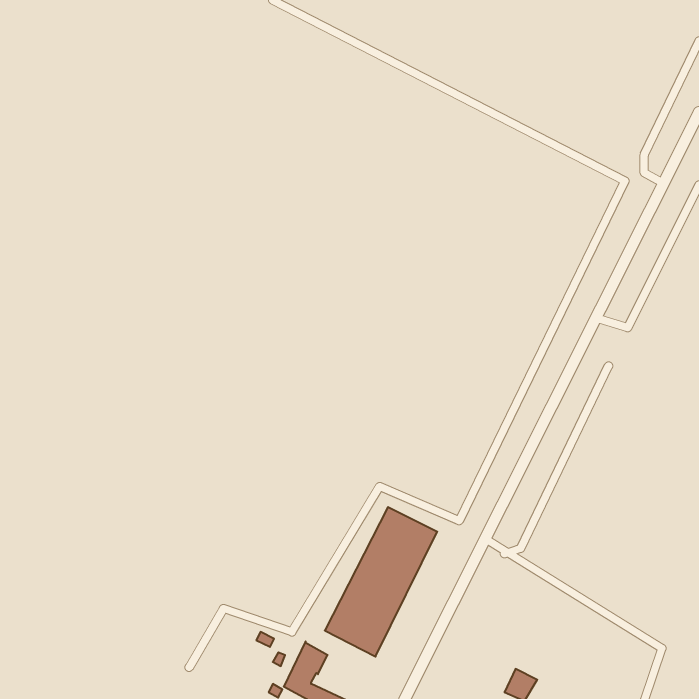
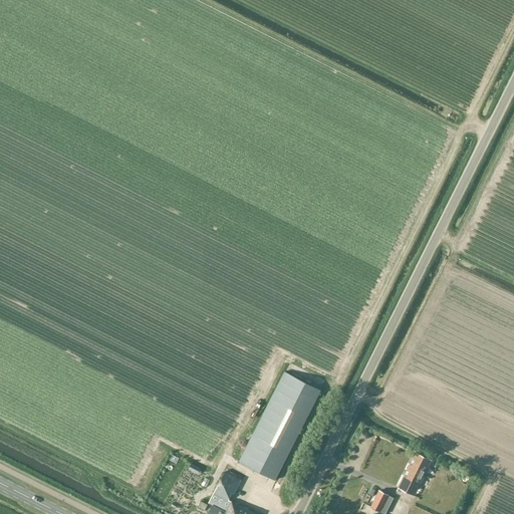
building: none -> [400,453,430,491]

